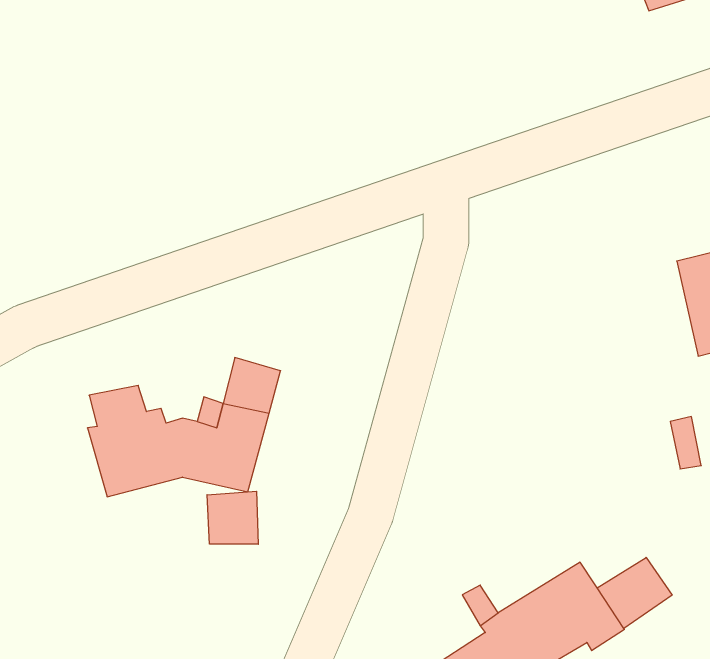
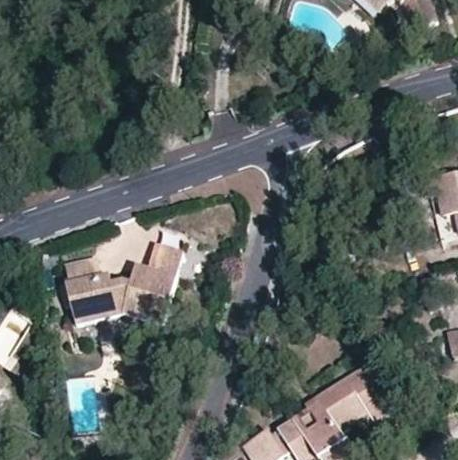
building: [207,491,258,544] -> none
building: [597,557,672,629] -> none

